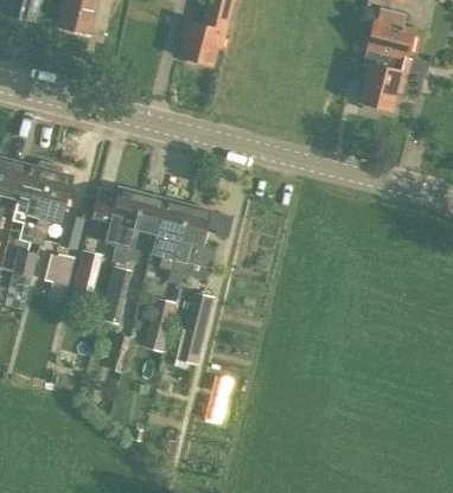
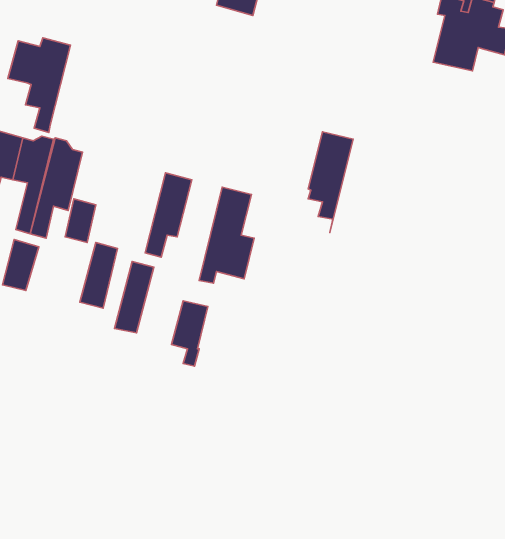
building: [90,187,141,264] -> [8,38,71,132]
building: [151,199,187,281] -> [308,132,353,232]
building: [36,254,75,288] -> none
building: [181,292,215,356] -> none

